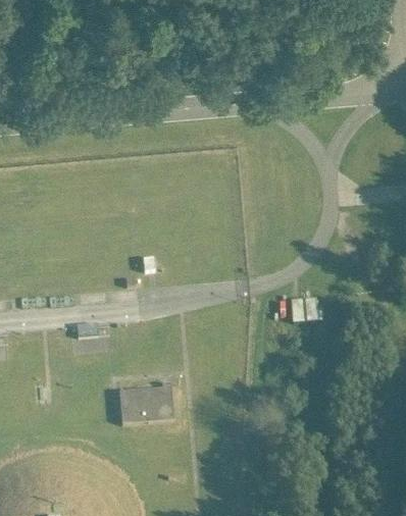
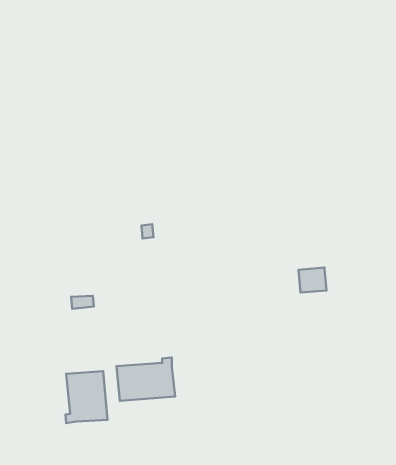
building: none -> [66,371,108,423]

